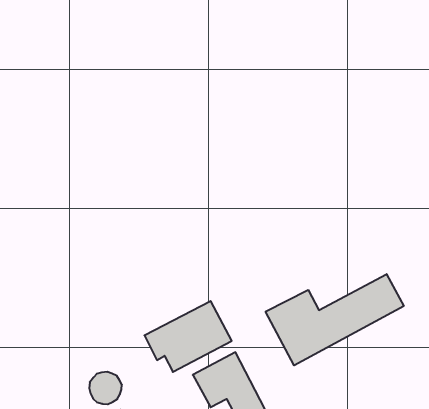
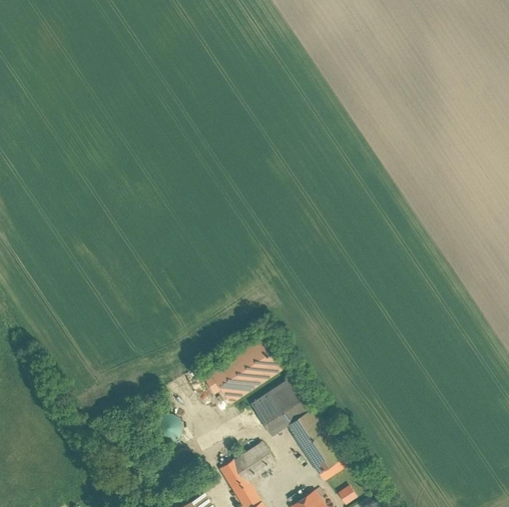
building: [266,274,404,365] -> none

